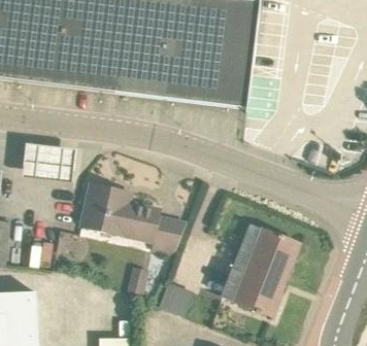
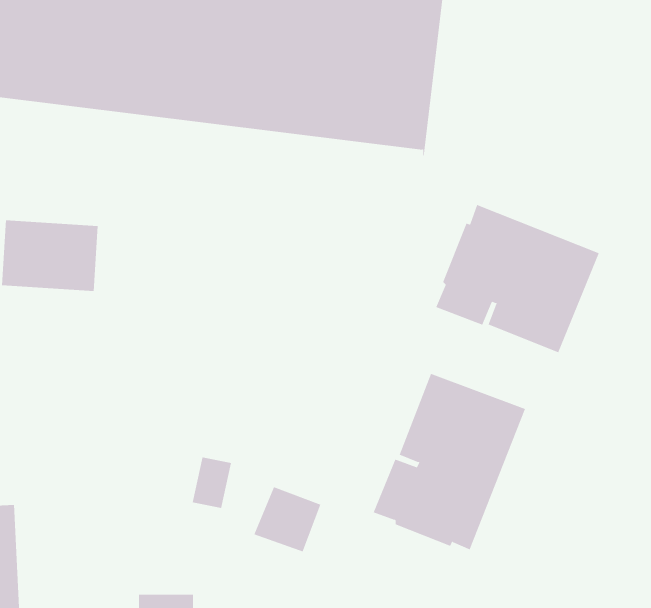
building: none -> [436,204,600,353]
building: [77,181,186,255] -> none

